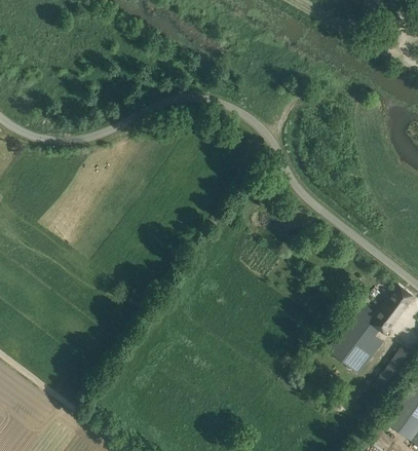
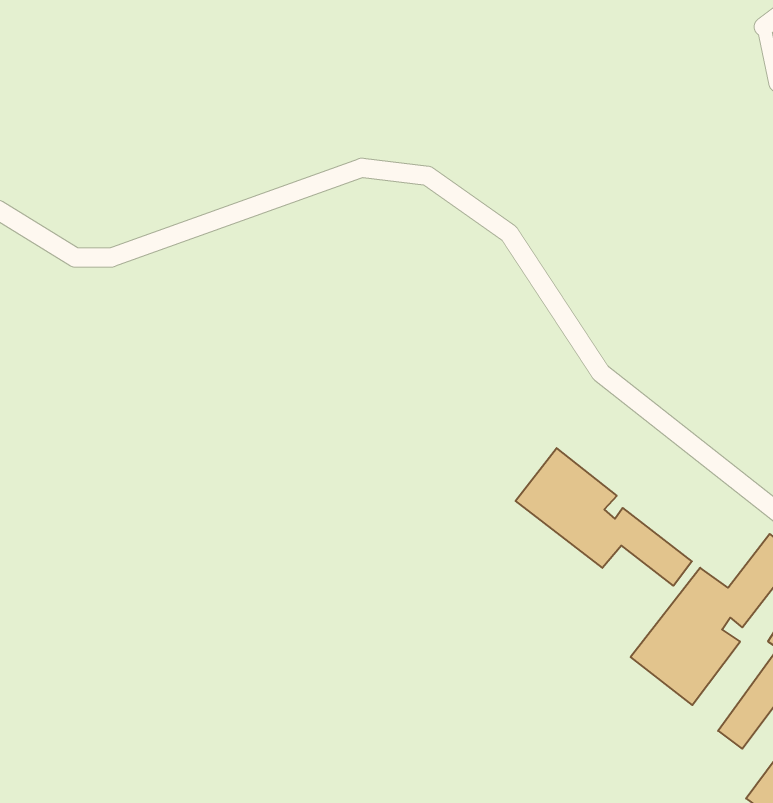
building: none -> [516,448,692,586]

